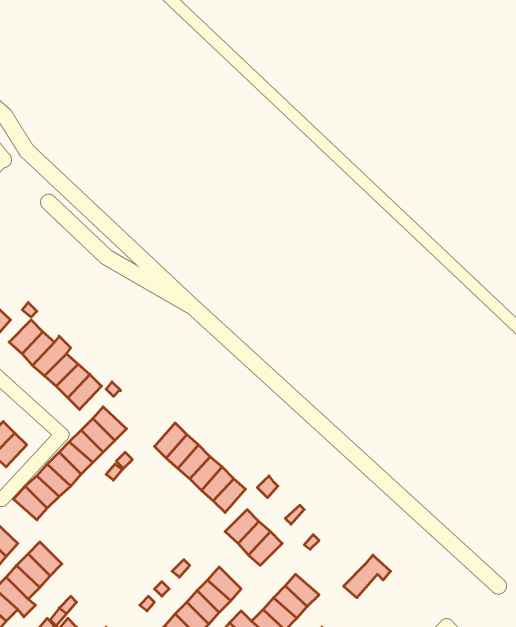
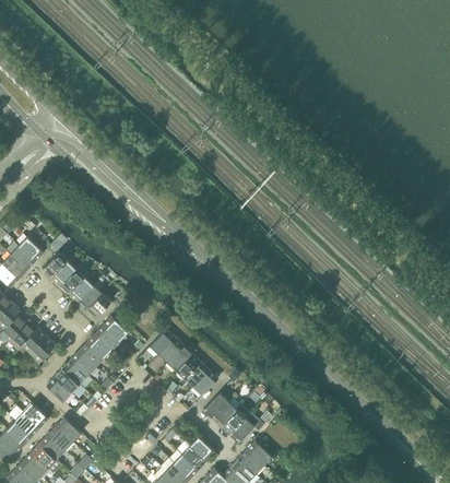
building: [344,555,391,598] -> [228,412,263,444]

